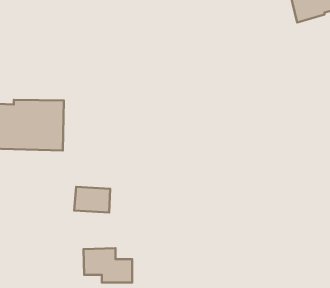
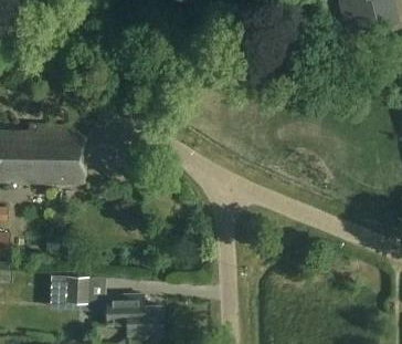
building: [74,187,110,212] -> [50,274,91,303]

